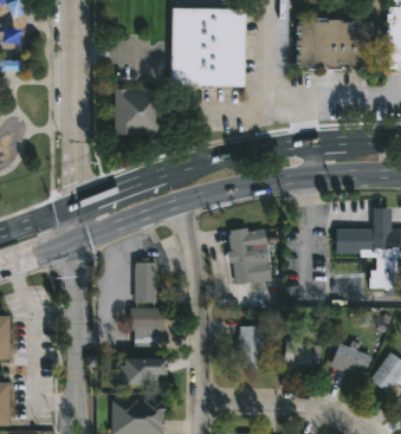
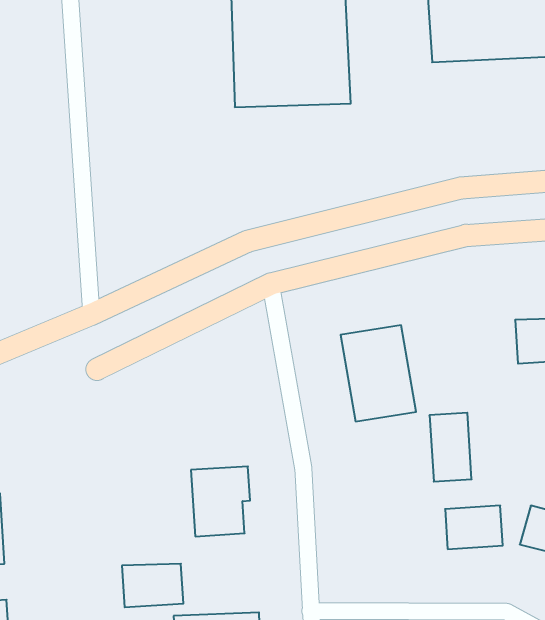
building: [117,89,164,136] -> none
building: [135,260,159,303] -> none
building: [239,325,263,367] -> [429,413,472,482]
building: [128,355,164,381] -> [122,564,183,607]

